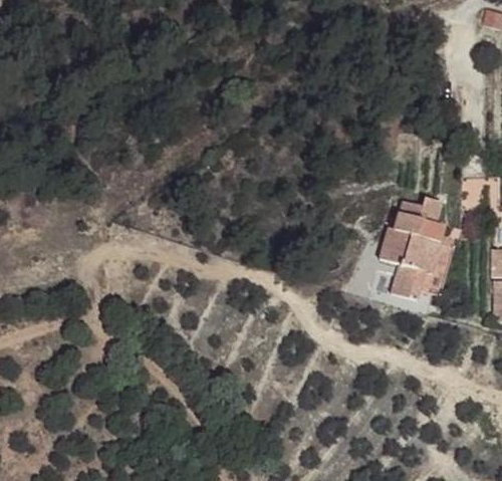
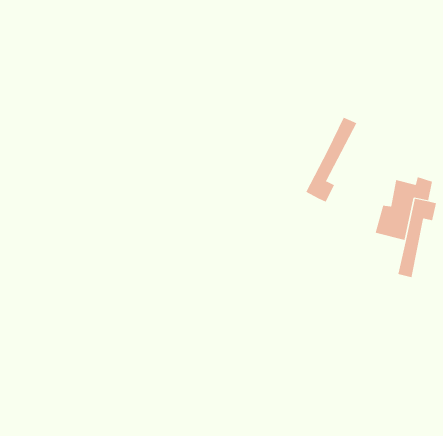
building: none -> [306,117,357,203]

